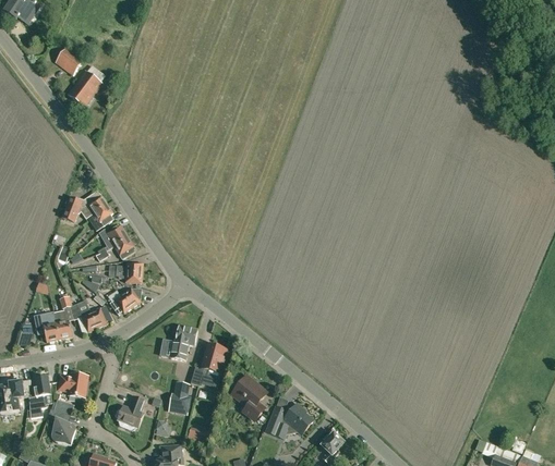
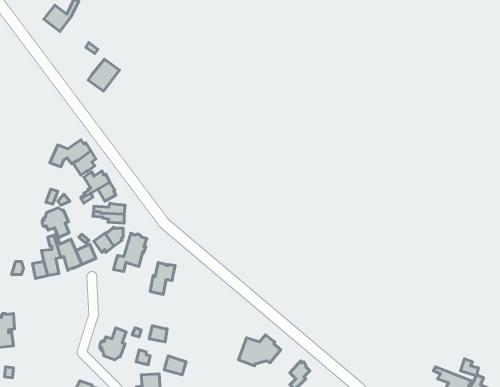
building: [68,71,101,106] -> [88,59,119,91]
building: none -> [42,208,69,238]
building: [190,343,226,384] -> [114,233,147,271]
building: [58,372,87,396] -> none
building: [231,375,266,419] -> none
building: [29,376,50,417] -> none
building: [47,408,76,445] -> none

